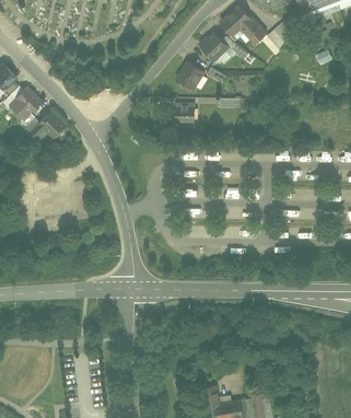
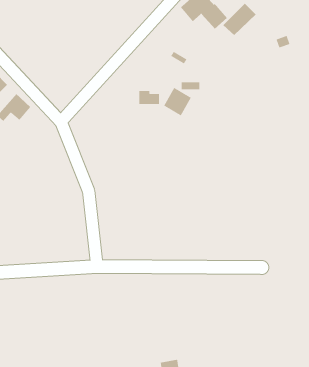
building: [197,32,230,63] -> none
building: [175,60,204,91] -> [163,87,192,117]

